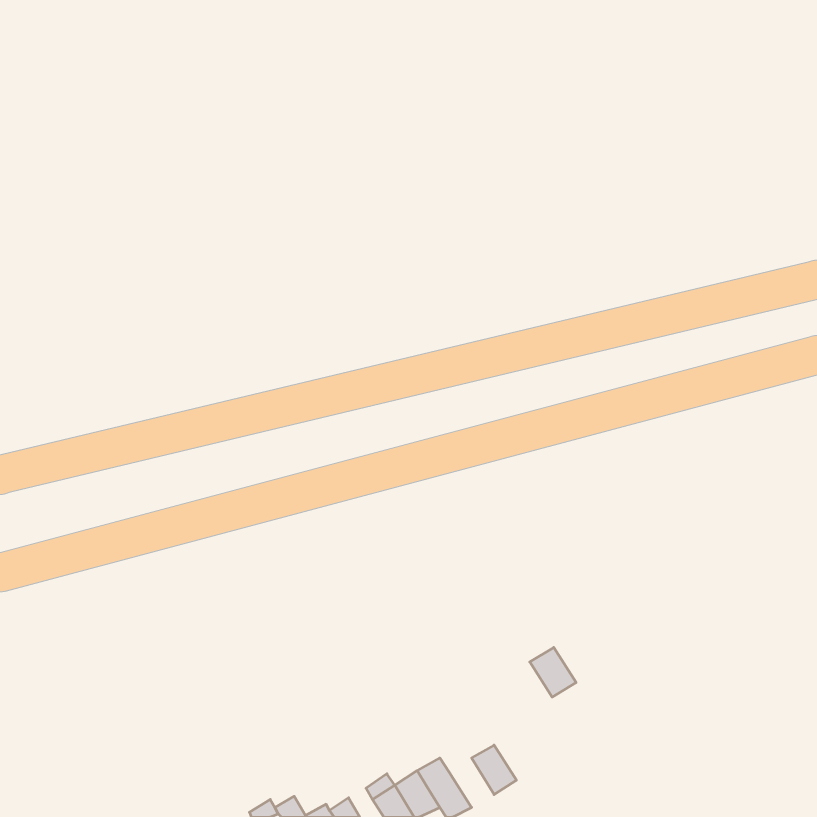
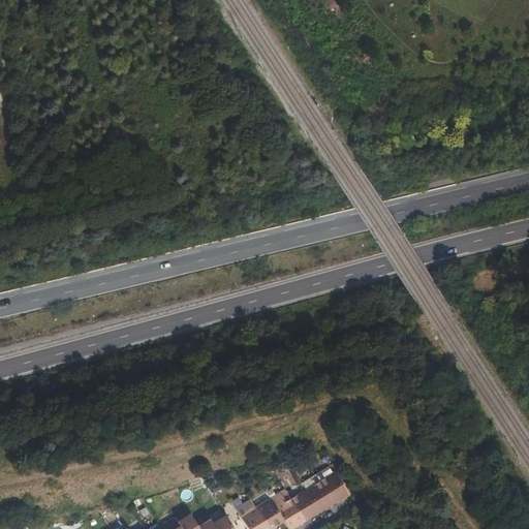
building: [530,647,576,697] -> [319,472,349,504]
building: none -> [290,490,319,522]

